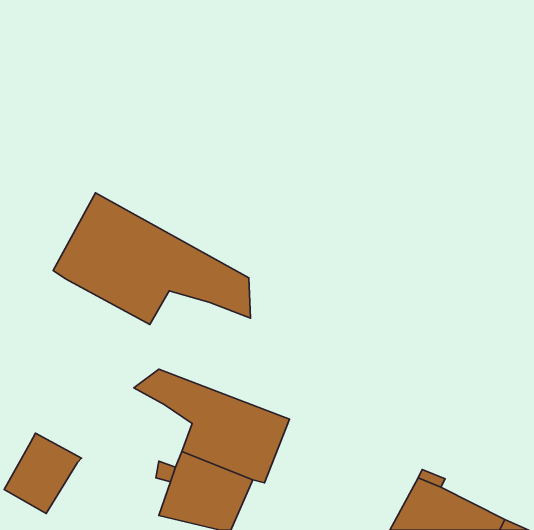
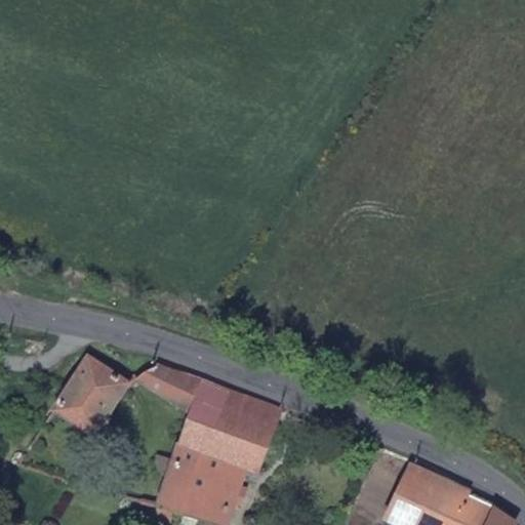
building: [53,193,251,325] -> none
building: [4,433,82,514] -> [55,356,131,435]

